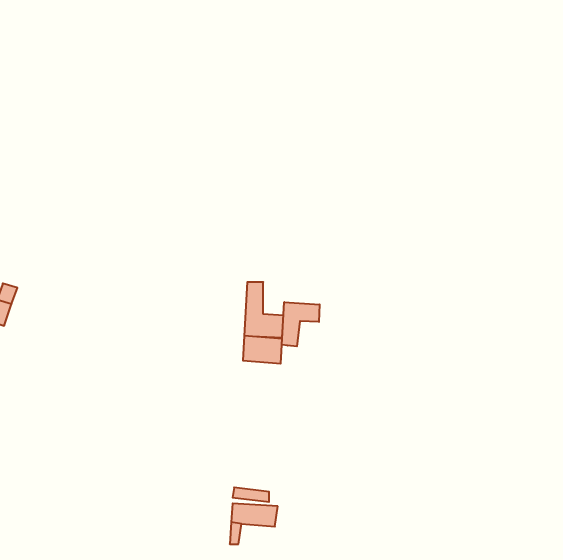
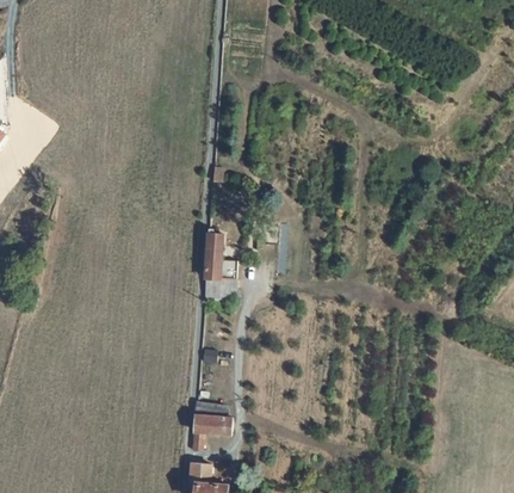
building: [282,302,320,346] -> none

